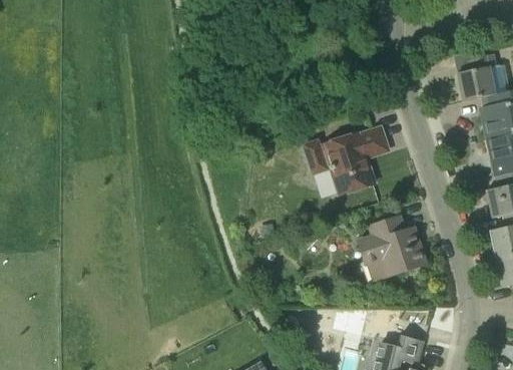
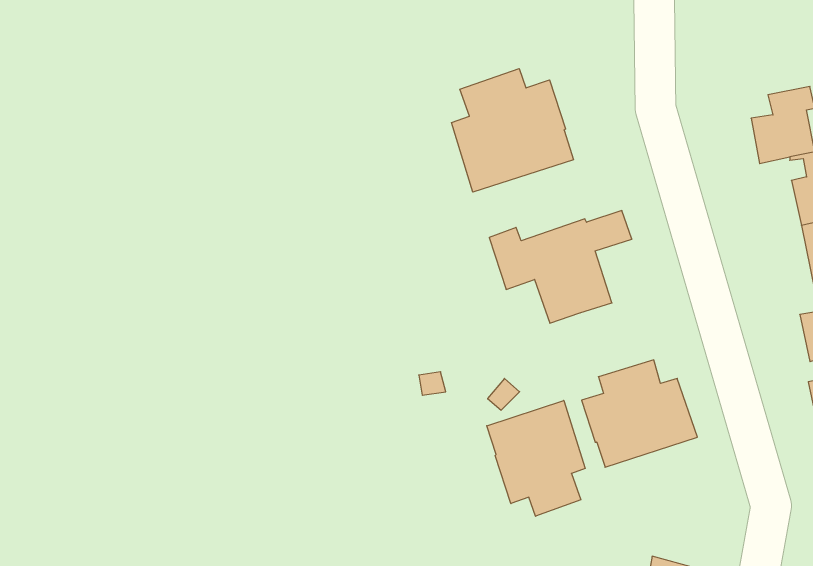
building: none -> [451,69,573,192]
building: none -> [487,400,585,516]

